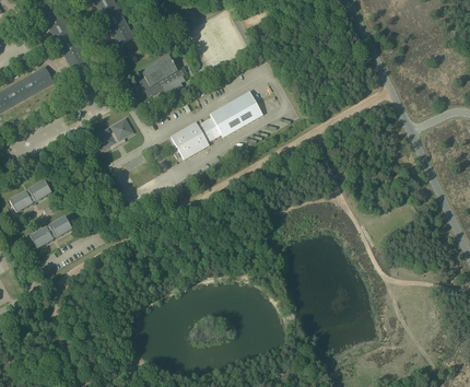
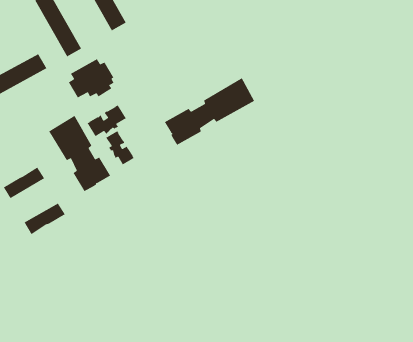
building: [138,54,185,94] -> [68,58,115,98]
building: none -> [48,115,111,192]
building: none -> [105,130,135,165]

